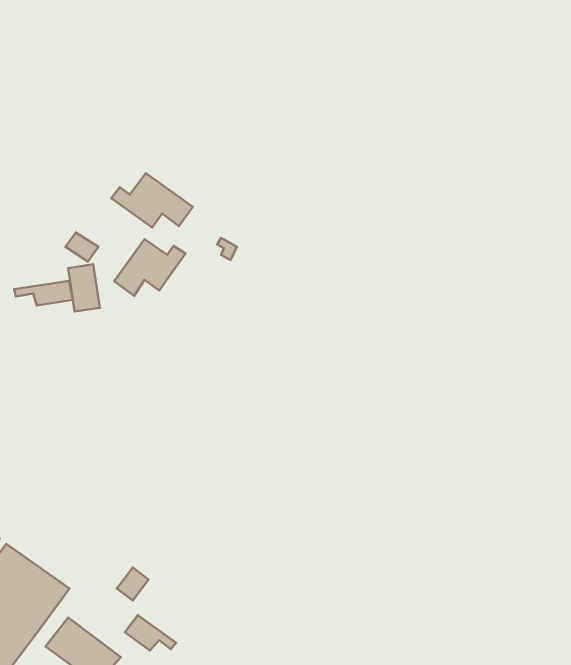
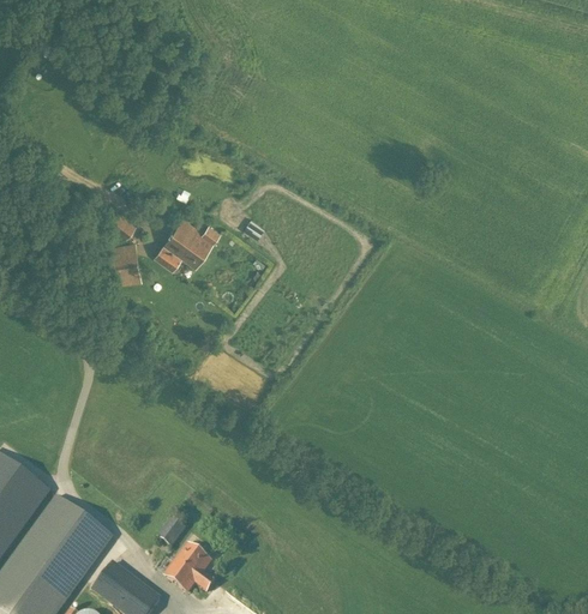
building: [111,173,193,228] -> none
building: [14,281,73,306] -> none
building: none -> [176,544,215,585]

